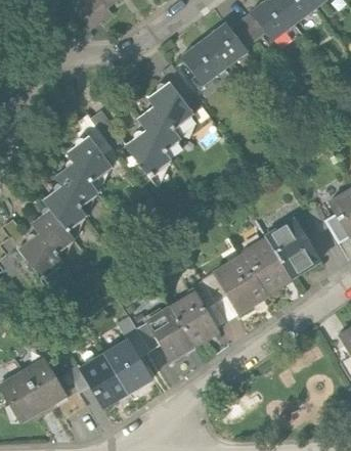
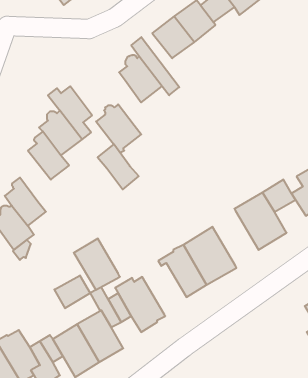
building: [138,105,180,151] -> [98,144,139,189]
building: [44,182,84,229] -> none
building: [243,238,292,295] -> none
building: [172,291,219,344] -> [74,239,120,290]
building: none -> [54,275,90,308]

